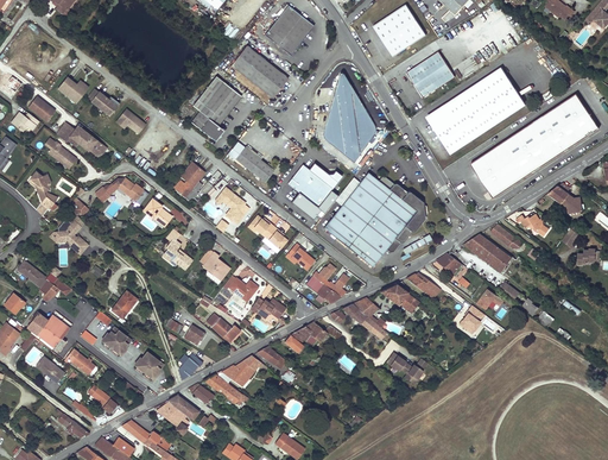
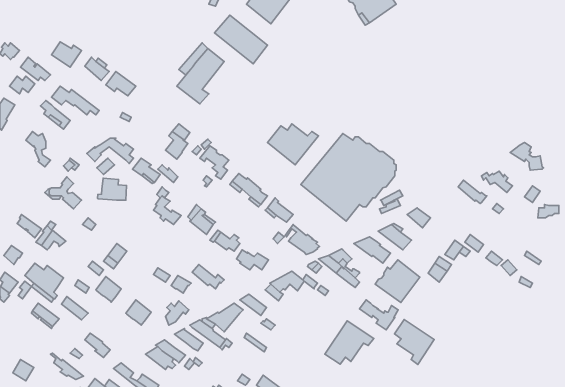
building: [406,52,455,97] -> none
building: [429,71,520,155] -> none
building: [323,74,375,162] -> none
building: [470,95,598,199] -> none
building: [235,147,274,183] -> none
building: none -> [97,178,126,200]
building: [464,234,512,271] -> none
building: none -> [375,260,420,303]
building: none -> [395,320,434,364]
building: none -> [325,321,374,364]

